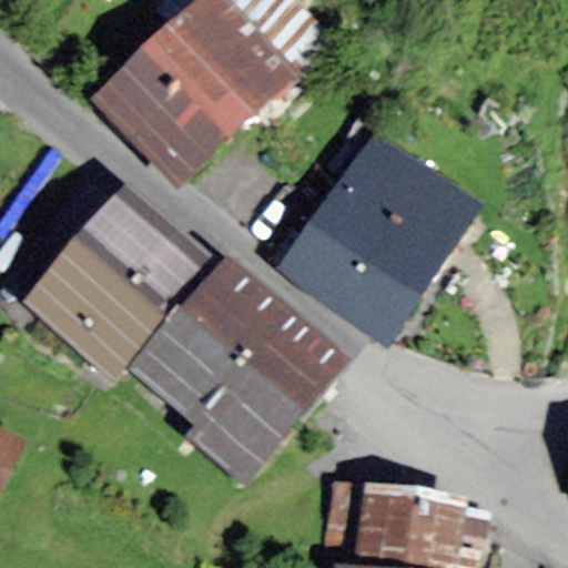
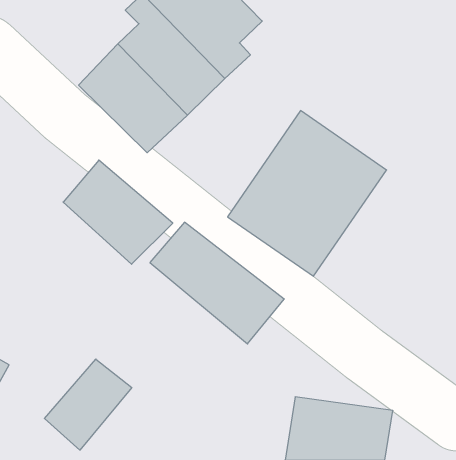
building: [22,245,160,381] -> none
building: [138,318,301,485] -> none
building: none -> [44,359,132,450]

